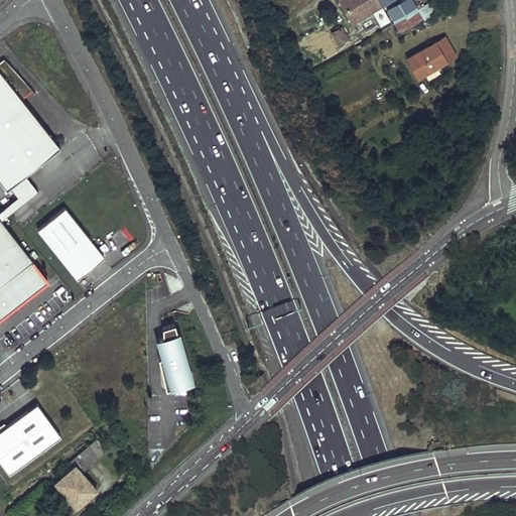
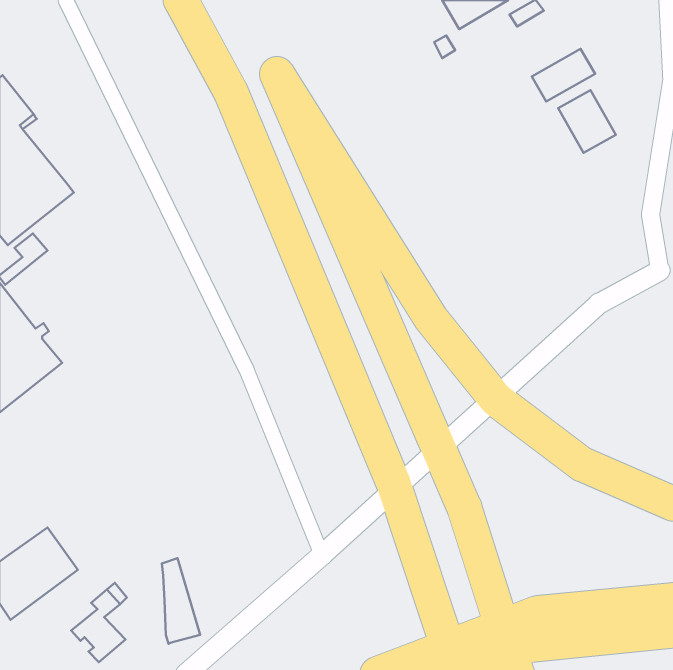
building: none -> [558,90,616,153]
building: [37,210,104,281] -> none
building: [162,326,191,391] -> [162,558,200,644]

